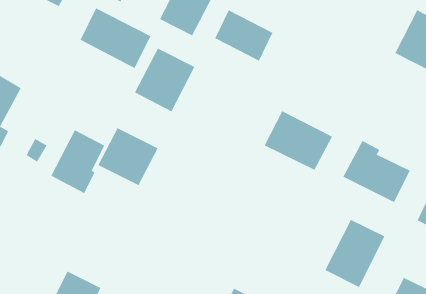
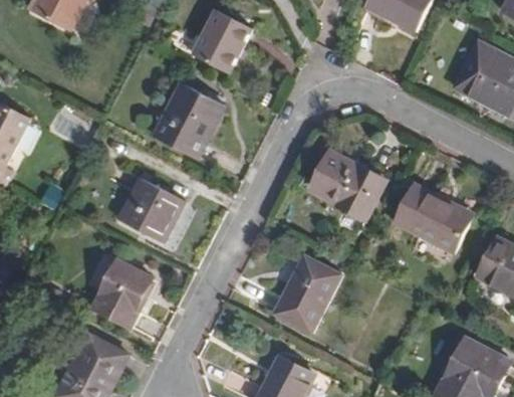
building: [80,8,151,69] -> none
building: [215,10,273,61] -> none
building: [50,129,105,194] -> [89,256,151,329]
building: [324,219,385,288] -> [263,255,331,333]

